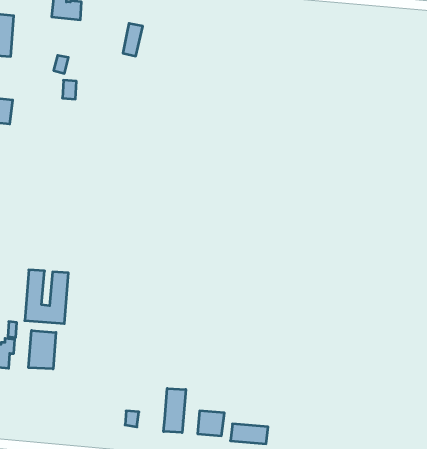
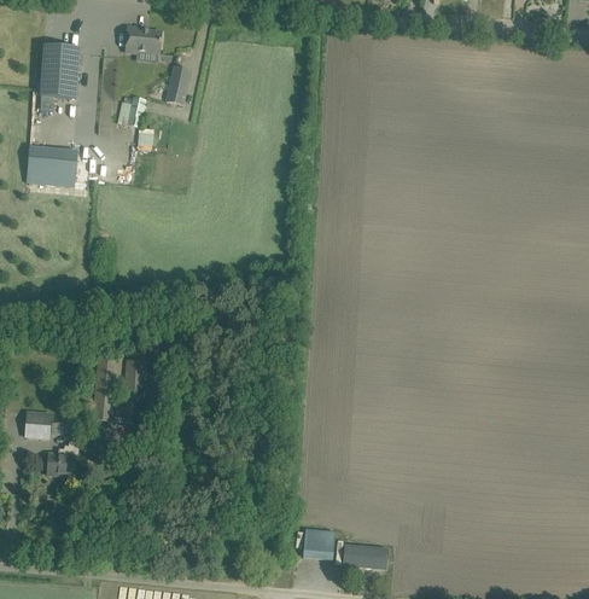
building: [123,23,143,56] -> [165,65,189,105]
building: [29,330,56,369] -> none
building: [164,388,186,433] -> none

